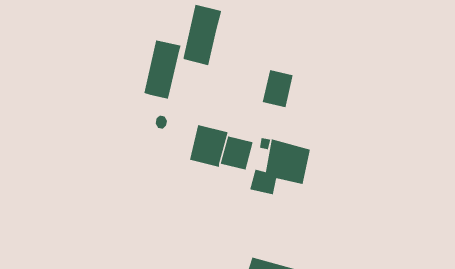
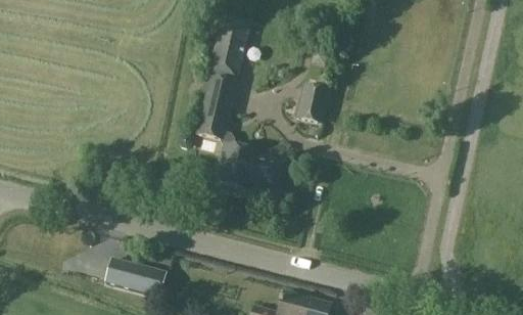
building: [143,40,182,100] -> [196,75,238,140]
building: [249,138,311,195] -> none
building: none -> [104,257,167,296]

